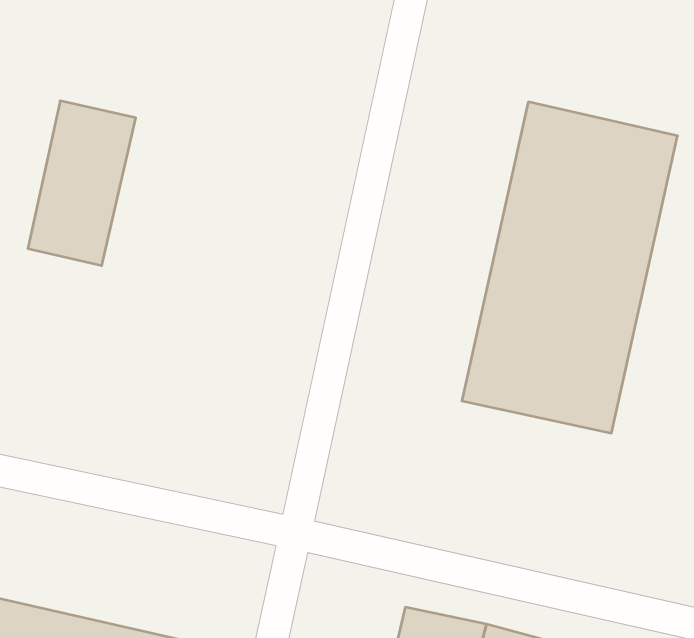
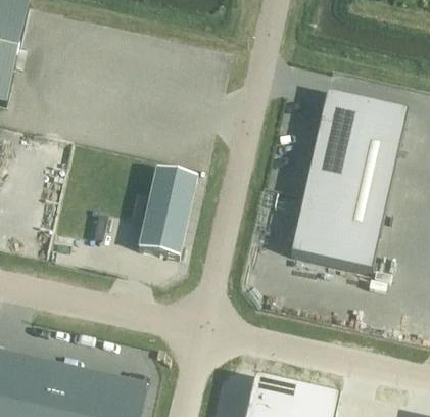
building: [28,101,136,266] -> [138,165,196,253]

